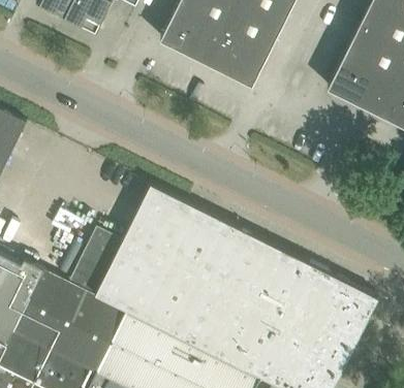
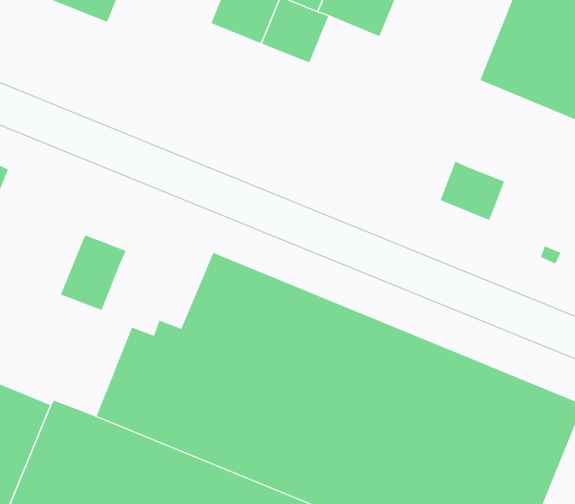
building: [220,41,266,86] -> none
building: none -> [440,161,505,221]
building: none -> [60,234,127,311]

